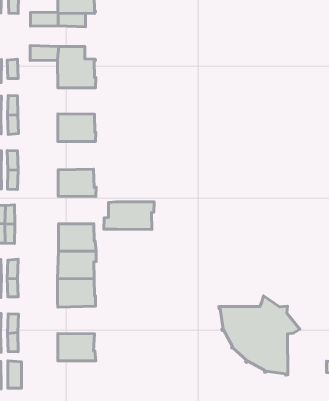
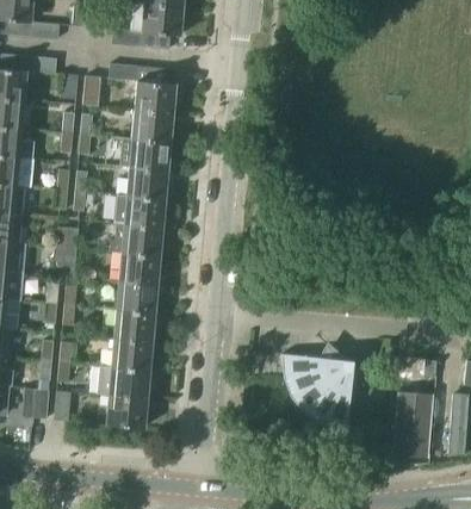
building: none -> [132,110,174,141]
building: none -> [128,166,169,198]
building: [104,202,154,230] -> [110,223,165,255]
building: none -> [112,339,154,370]
building: none -> [106,395,149,427]

